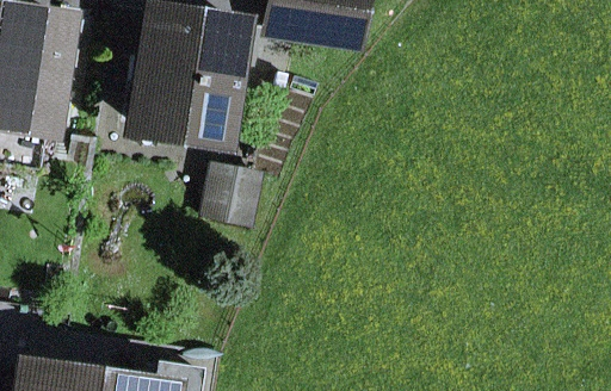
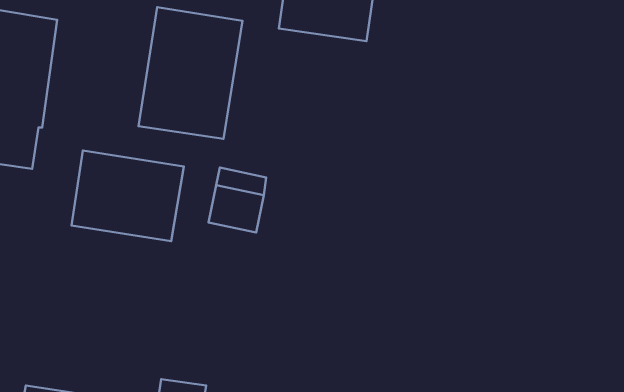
building: none -> [71,150,184,241]

